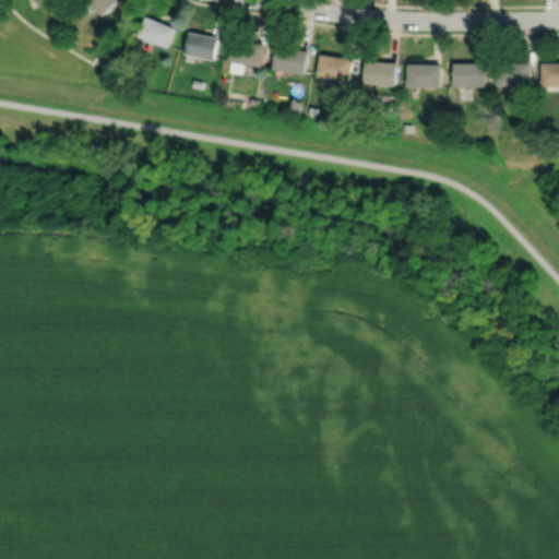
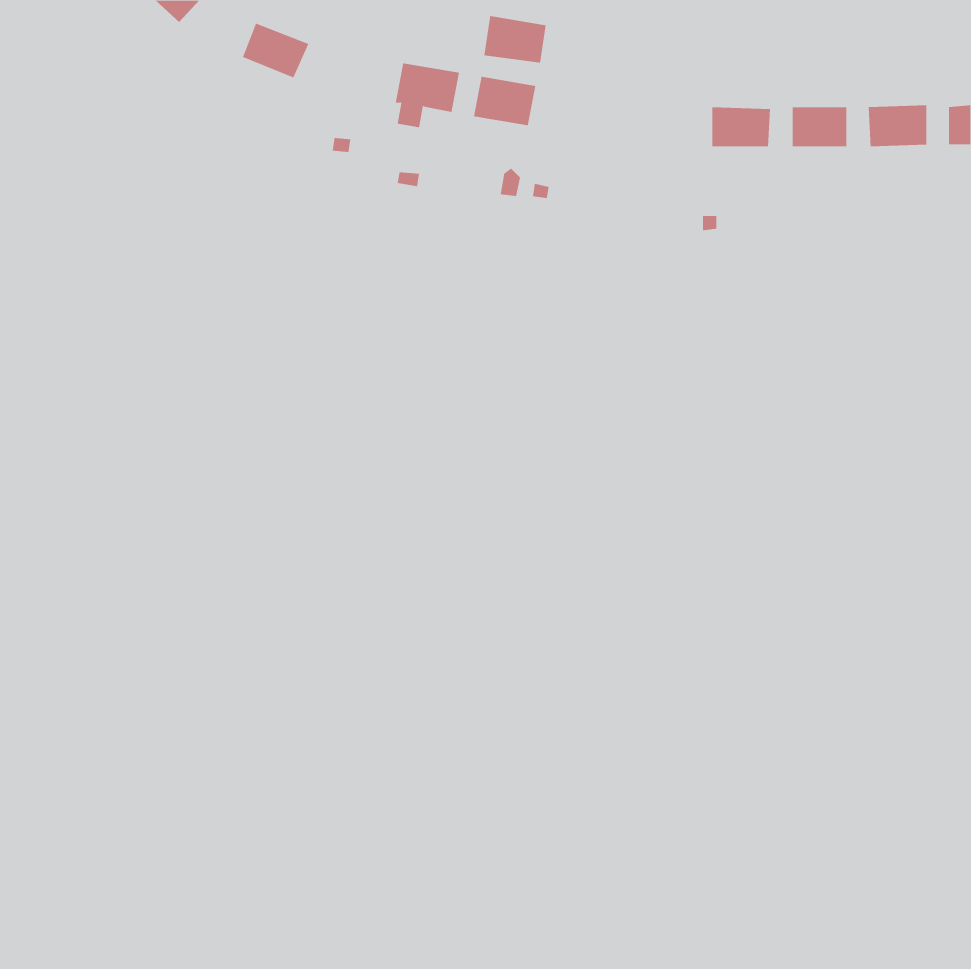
building: [182,33,216,64] -> none
building: [316,55,352,82] -> [484,16,547,63]
building: [364,61,396,86] -> none

